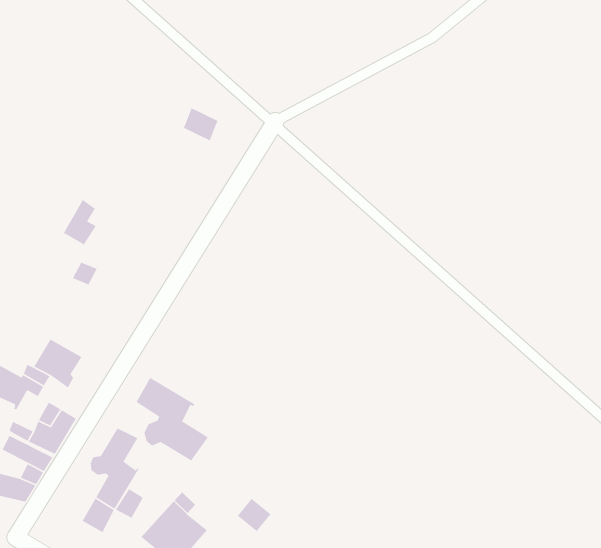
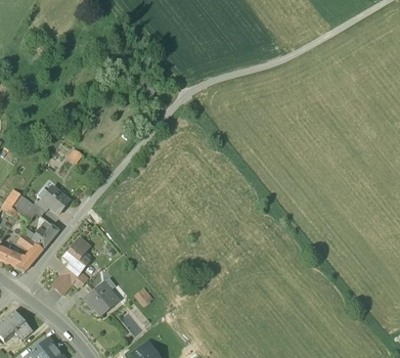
building: [135,377,209,461] -> none

